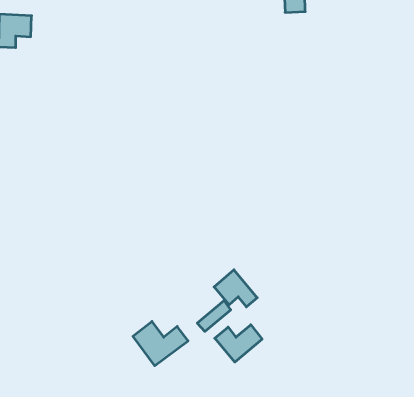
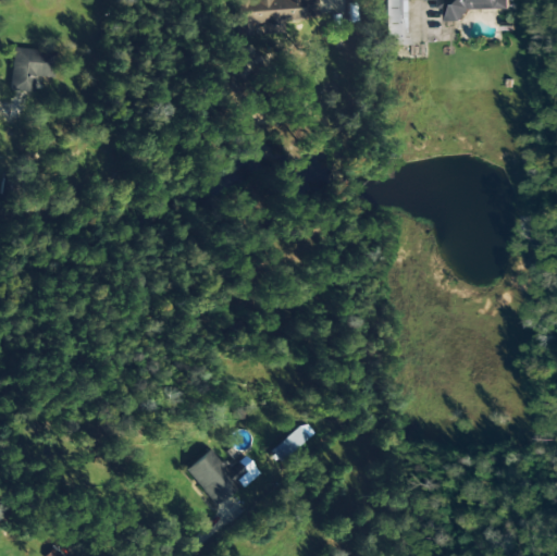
building: [214,270,257,307] -> none
building: [215,325,262,362] -> none

